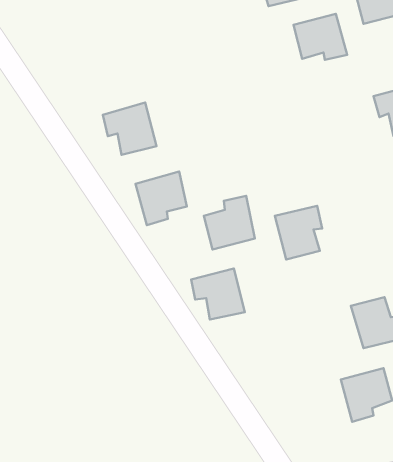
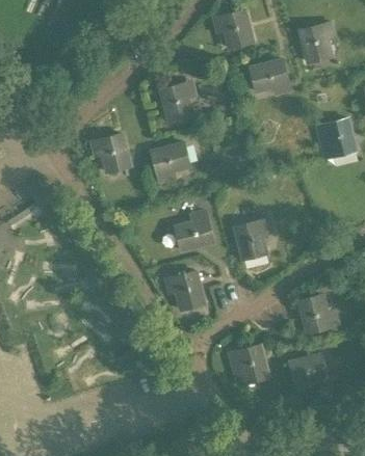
building: none -> [158,80,199,125]
building: [136,171,187,225] -> [150,140,192,185]
building: none -> [230,345,269,385]

